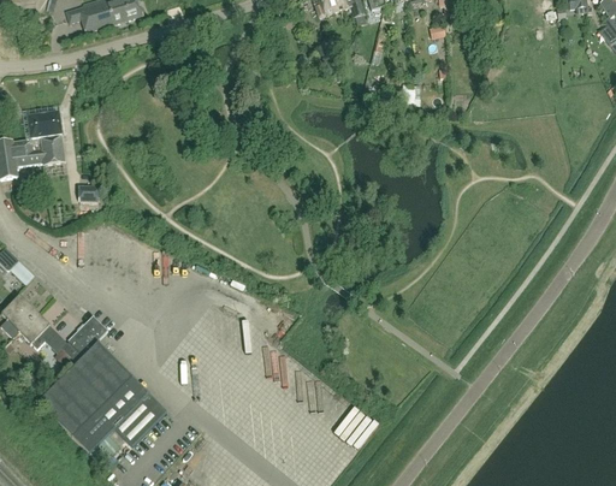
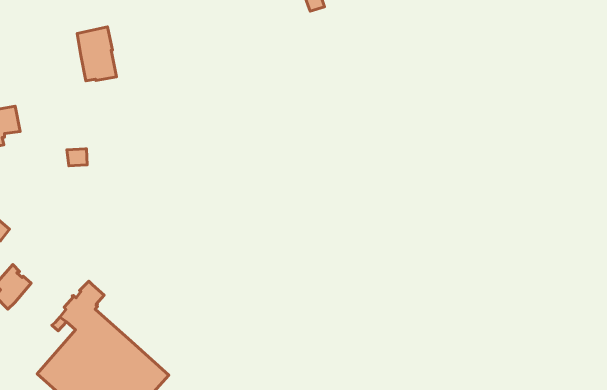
building: [28,112,64,164] -> [77,27,116,81]
building: [19,313,61,348] -> none

